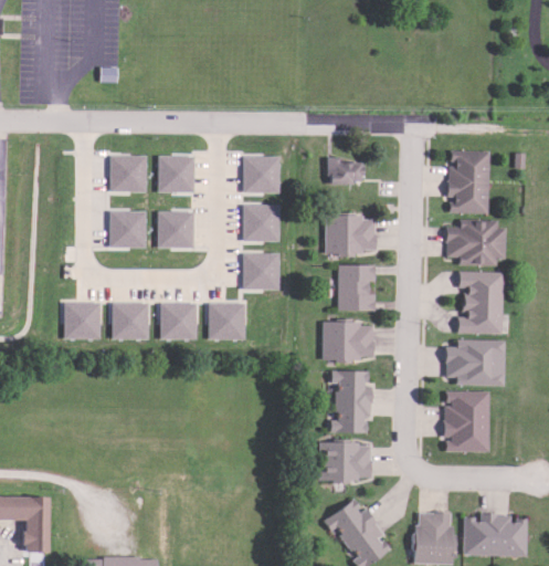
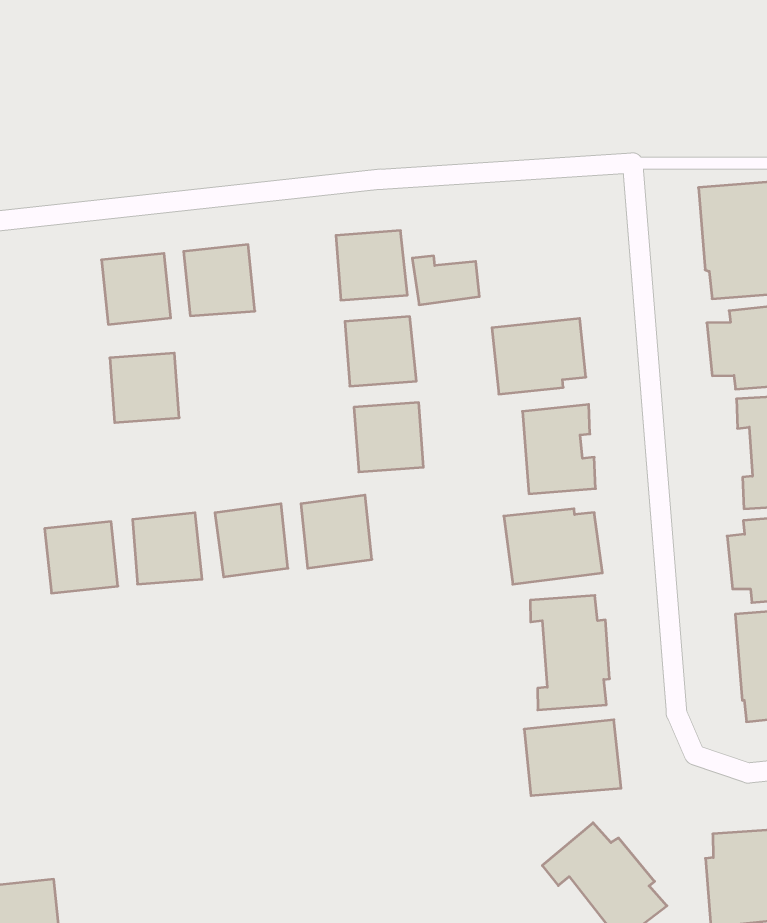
building: [327,157,362,184] -> [412,256,479,305]
building: [157,210,196,249] -> none

